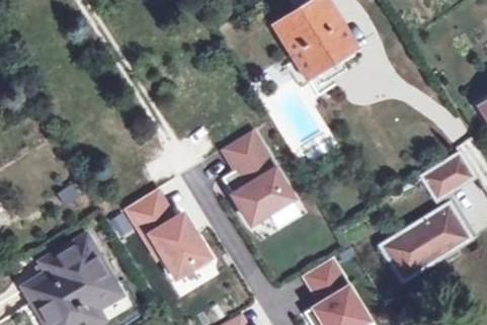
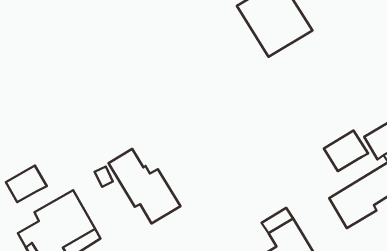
building: [223,131,293,224] -> none
building: none -> [324,130,368,171]
building: none -> [6,166,47,202]

